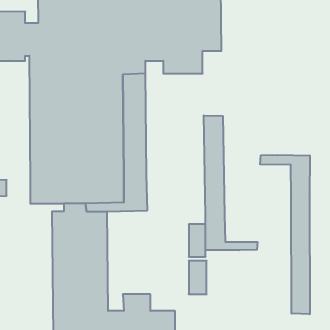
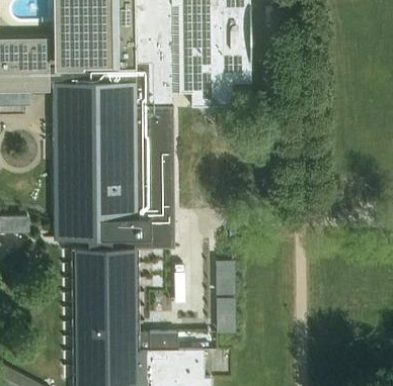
building: [204,115,257,250] -> none
building: [260,155,310,314] -> none

